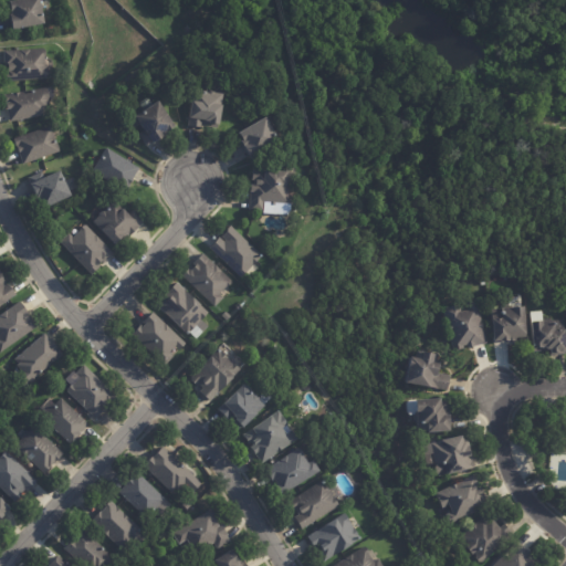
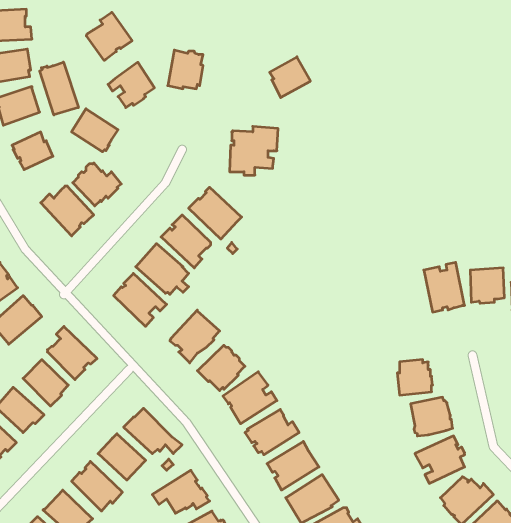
building: none -> [86,12,132,60]
building: none -> [40,62,78,115]
building: [239,117,280,158] -> [270,57,310,98]
building: [407,350,447,389] -> none

